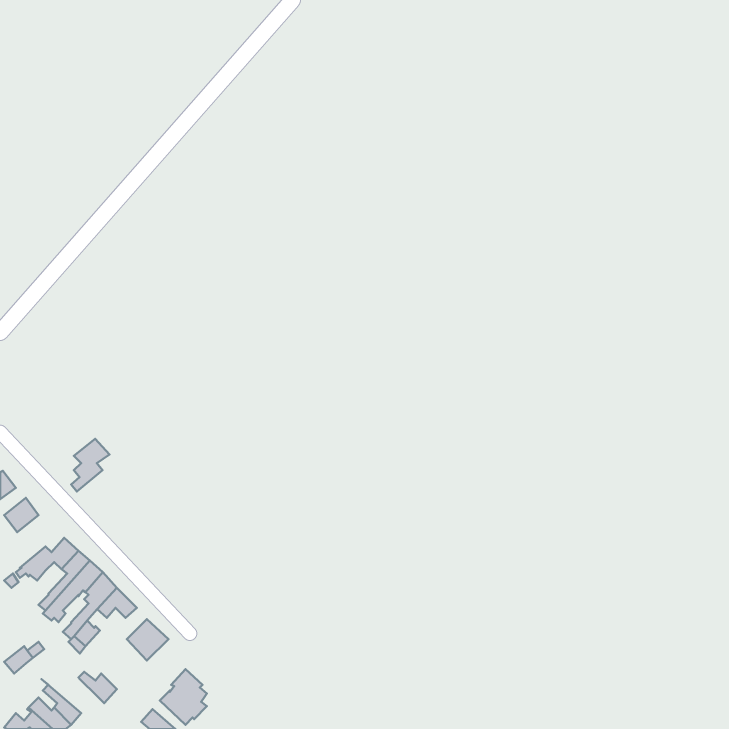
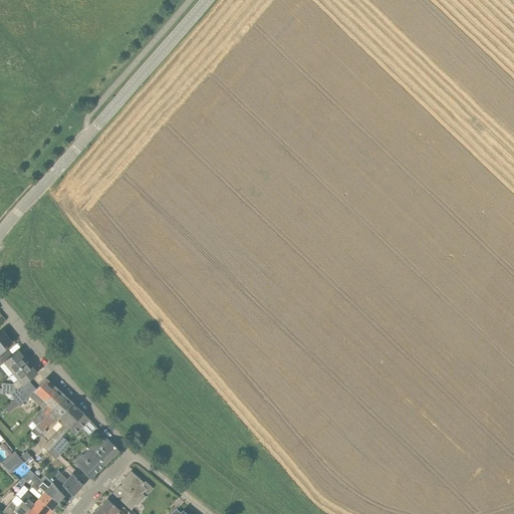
building: [71,439,110,492] -> [10,362,37,400]
building: none -> [74,450,103,478]
building: none -> [25,470,68,502]

